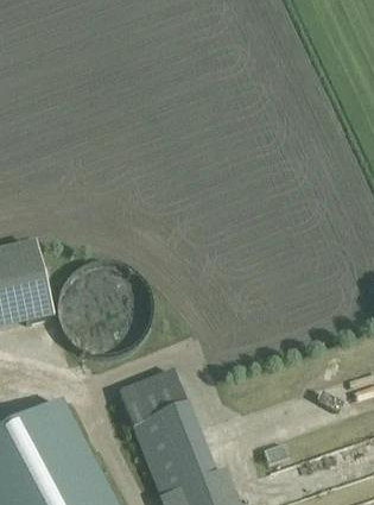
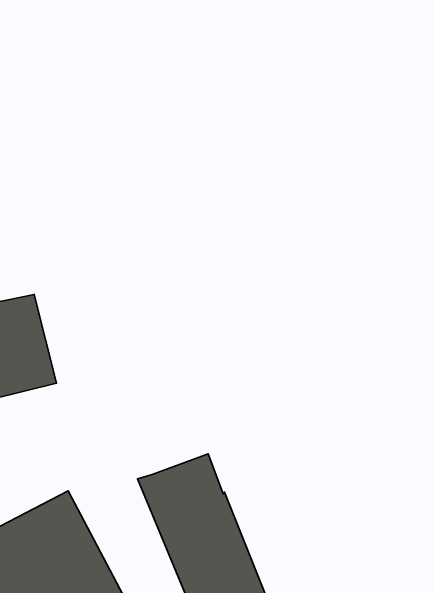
building: [57,261,152,356] -> none

